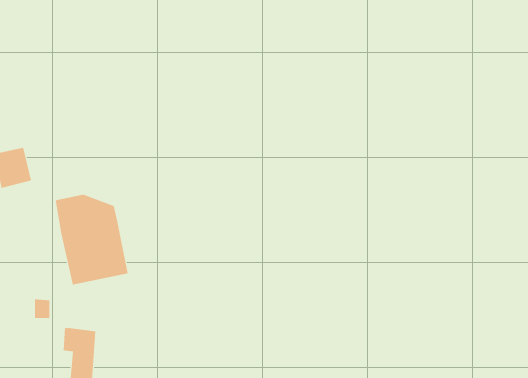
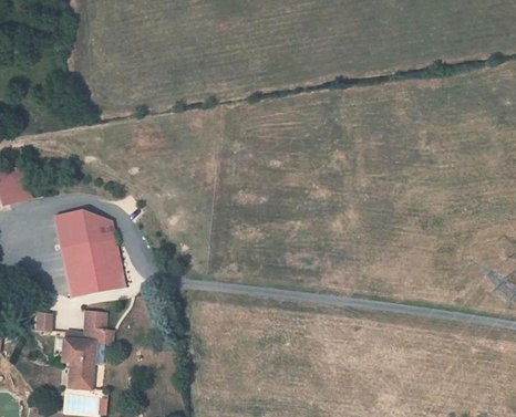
building: none -> [66,312,112,343]

